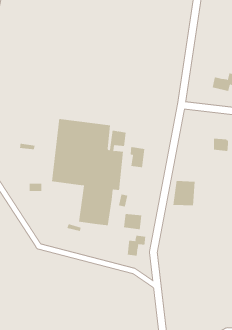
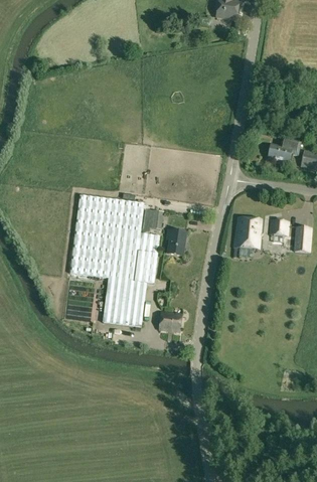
building: [173,181,196,206] -> [233,216,262,248]
building: [127,235,146,256] -> none

